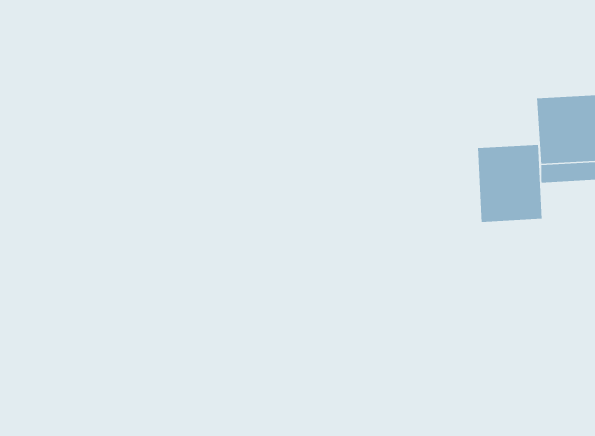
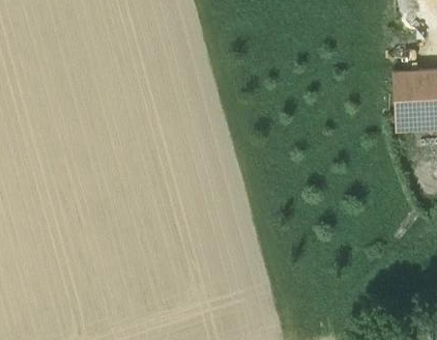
building: [477,144,542,223] -> none

